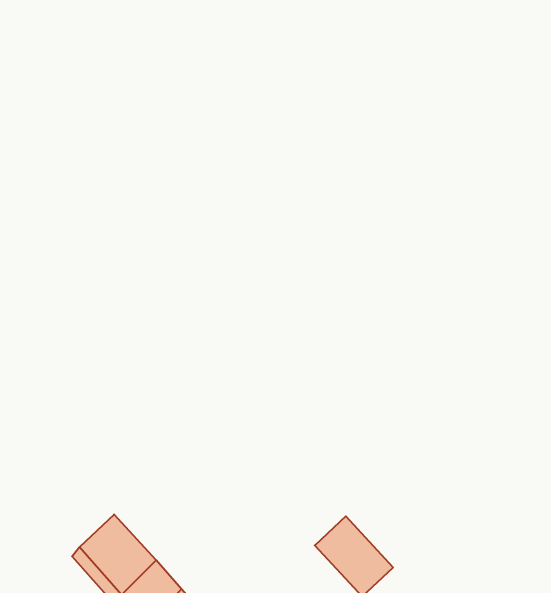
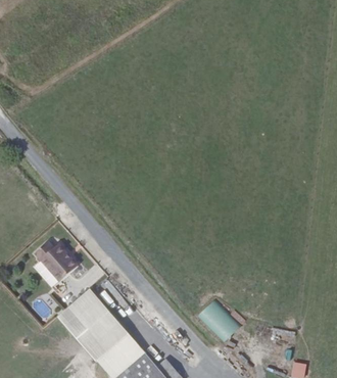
building: none -> [33,240,76,281]

